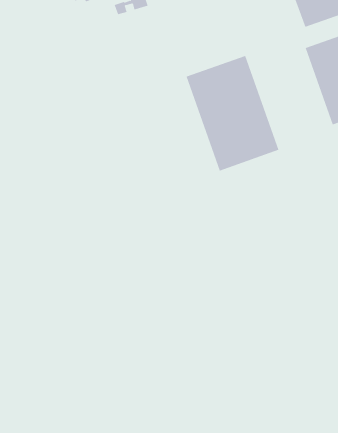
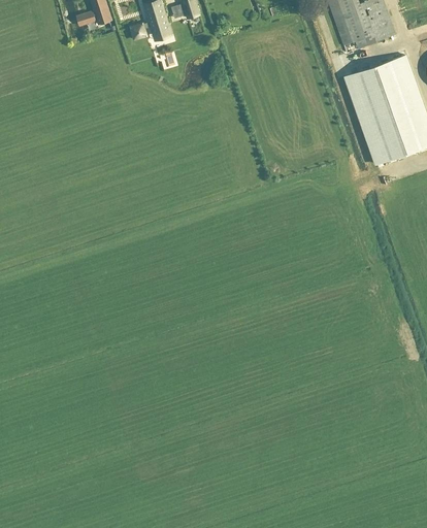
building: [186,55,279,171] -> none

